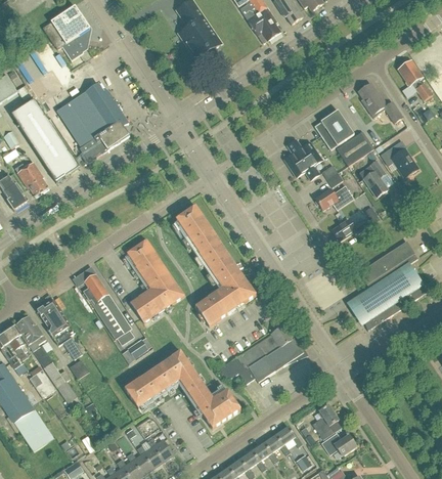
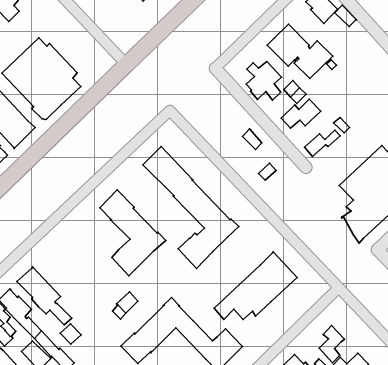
building: [380,145,417,177] -> none
building: [362,160,387,197] -> none
building: [82,273,130,338] -> none

